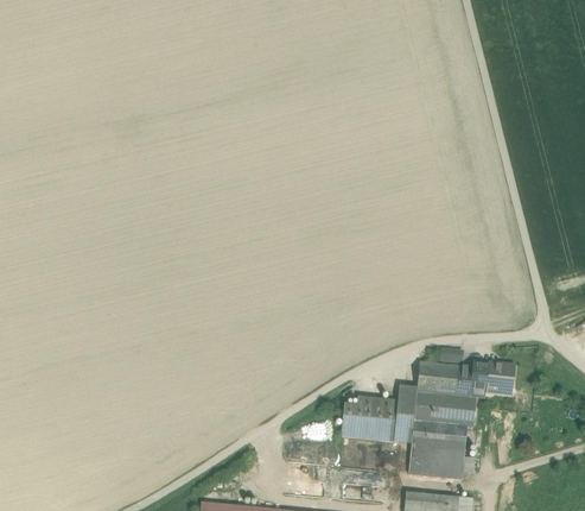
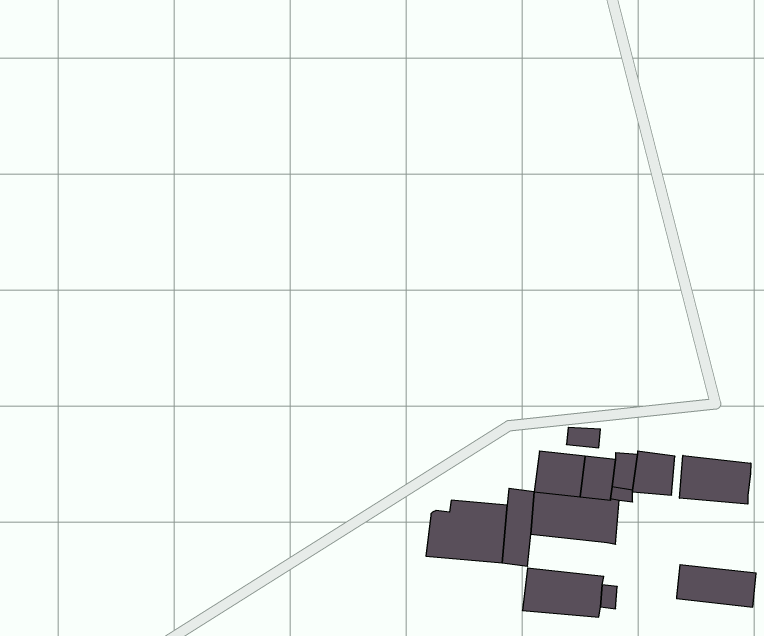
building: none -> [680,455,751,504]
building: [412,419,468,449] -> [677,565,756,607]

